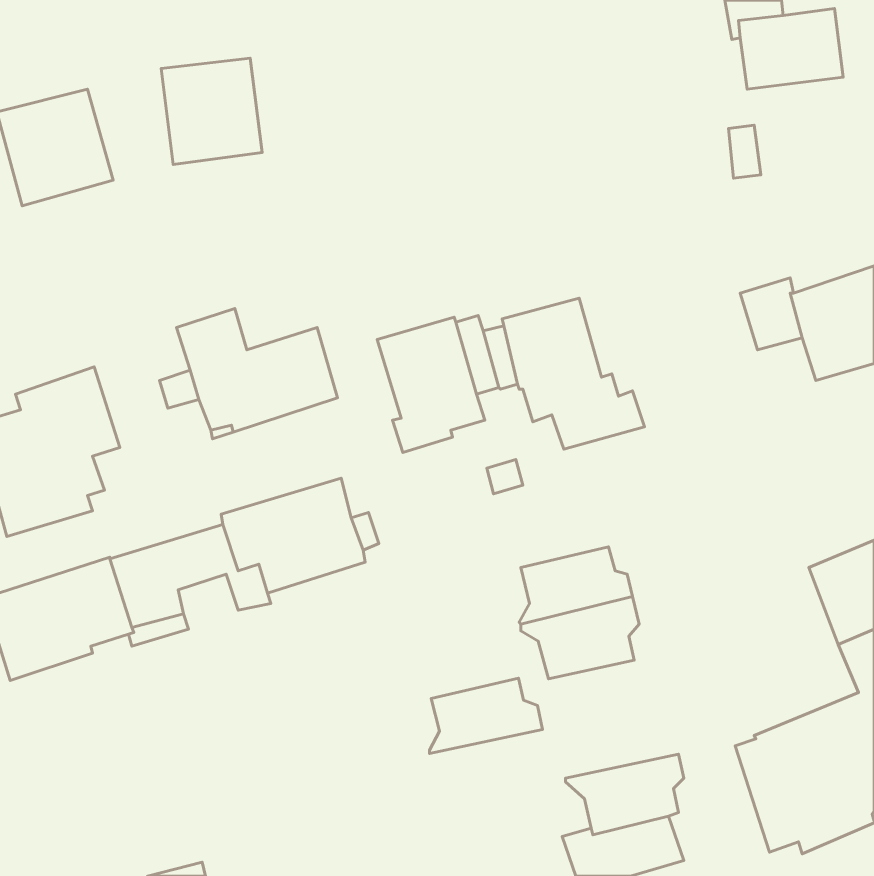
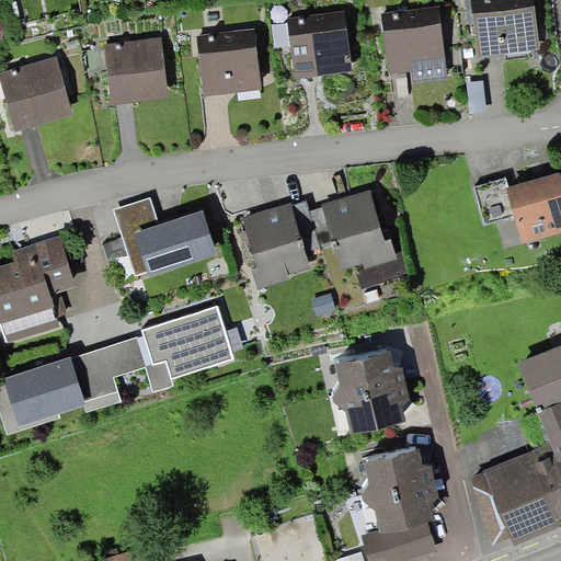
building: none -> [380,5,447,83]
building: none -> [286,11,352,79]
building: none -> [196,28,261,95]
building: [429,678,542,753] -> [362,449,434,497]

